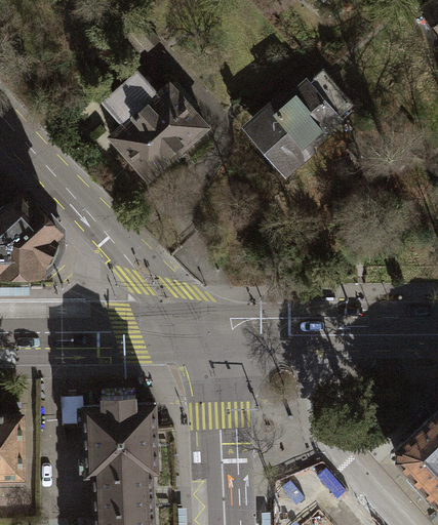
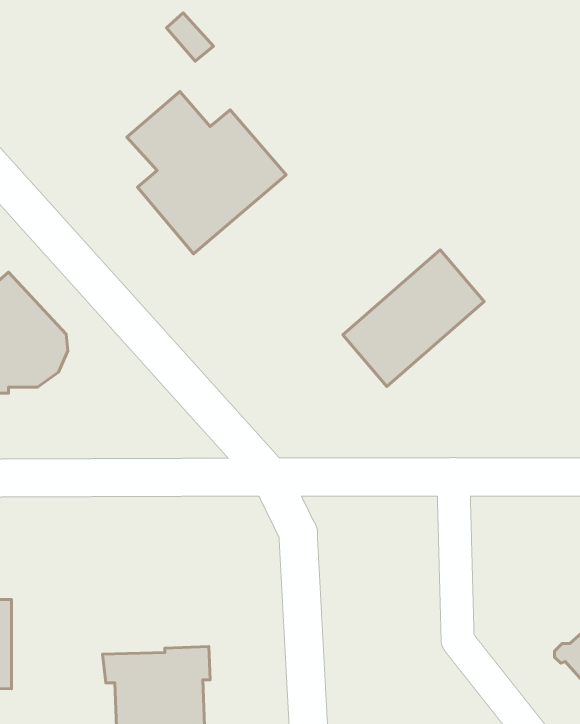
building: [257,74,353,166] -> [343,250,484,386]
building: [83,398,156,455] -> none

